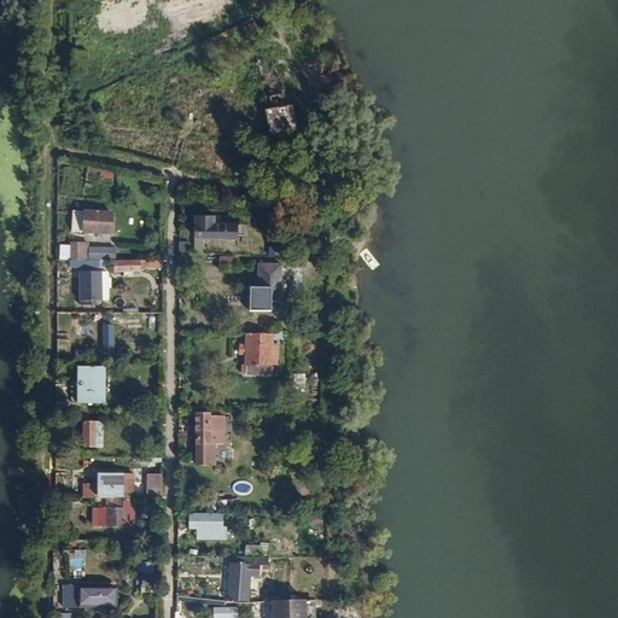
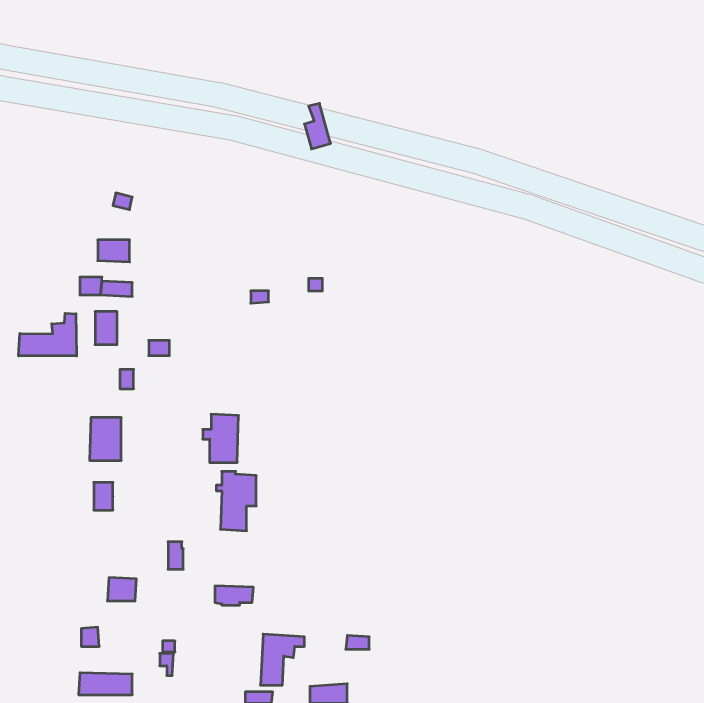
building: [192,212,239,237] -> none
building: [246,260,281,315] -> none
building: none -> [19,313,77,356]
building: [243,334,274,377] -> [203,414,239,462]
building: [80,473,130,499] -> none

